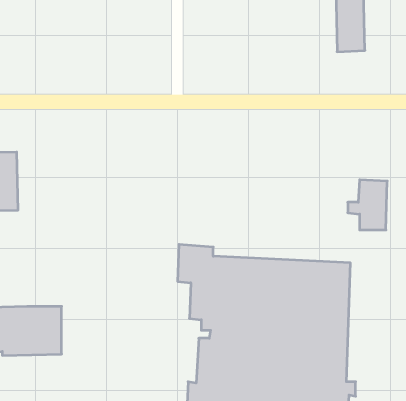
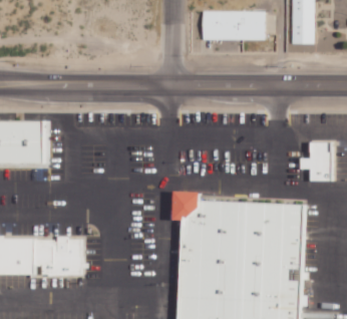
building: none -> [203,11,265,40]

